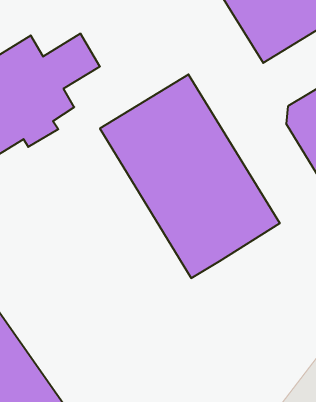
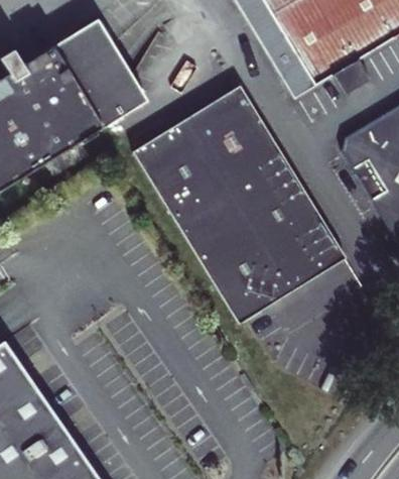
building: none -> [54,20,111,70]
building: none -> [92,81,146,127]

